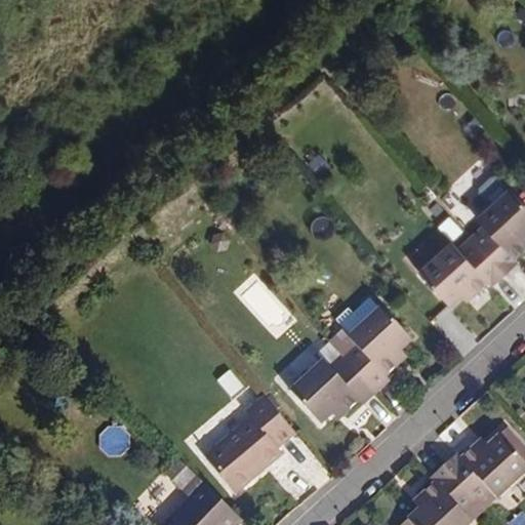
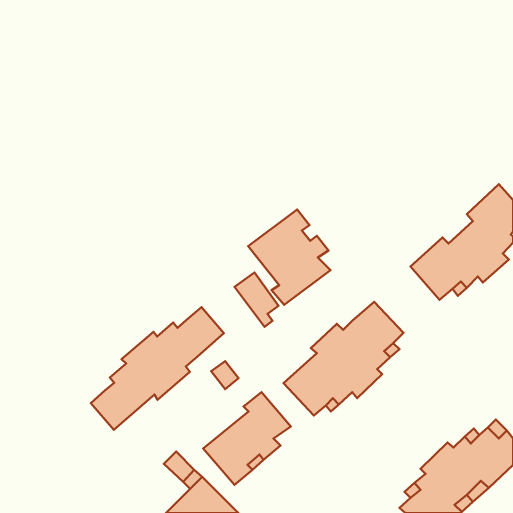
building: none -> [248,210,330,305]
building: none -> [91,307,224,430]

